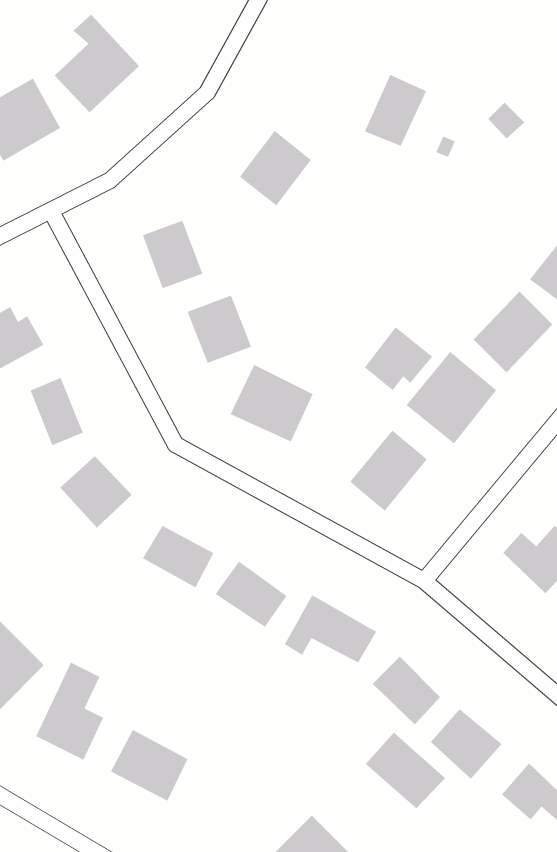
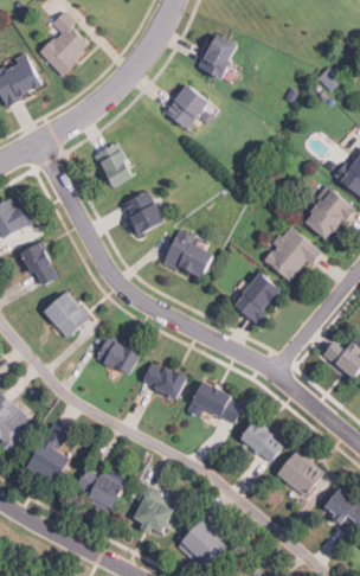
building: [364,74,427,147] -> [199,31,239,77]
building: [364,326,433,391] -> none
building: [365,732,446,809] -> none
building: none -> [128,485,176,533]

